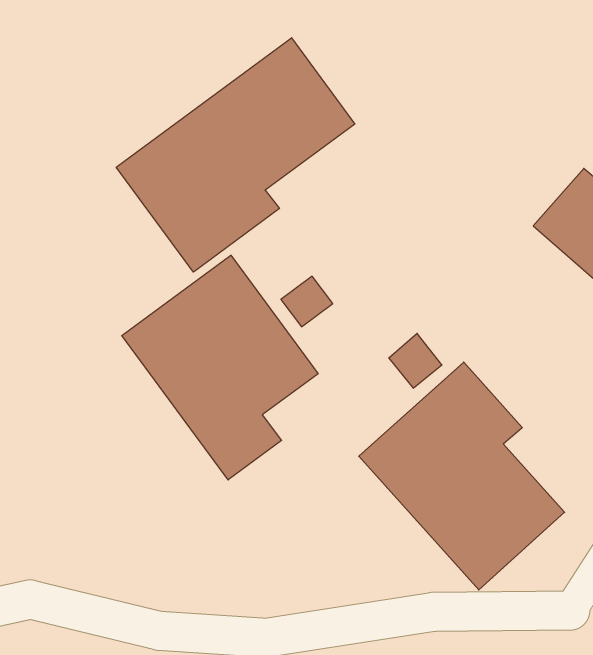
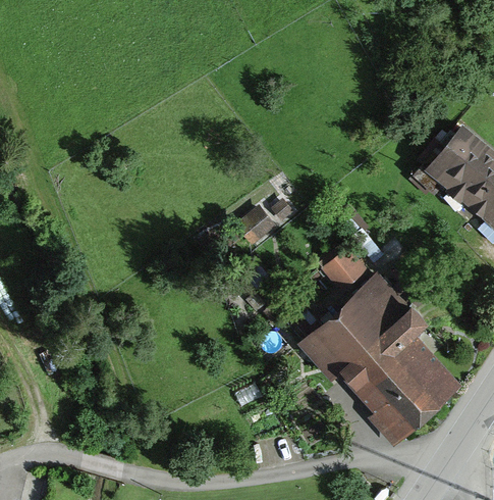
building: [116,38,355,272] -> none
building: [122,255,318,480] -> none

